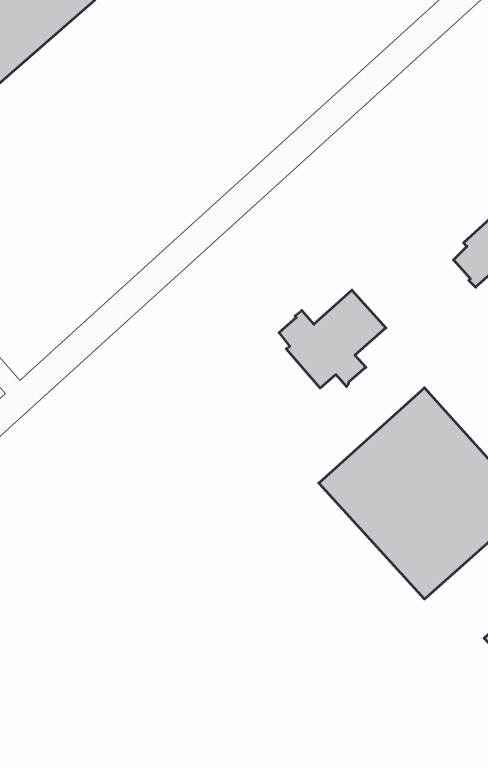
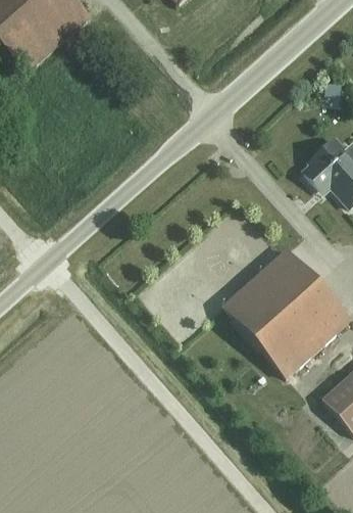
building: [279,290,386,388] -> none

